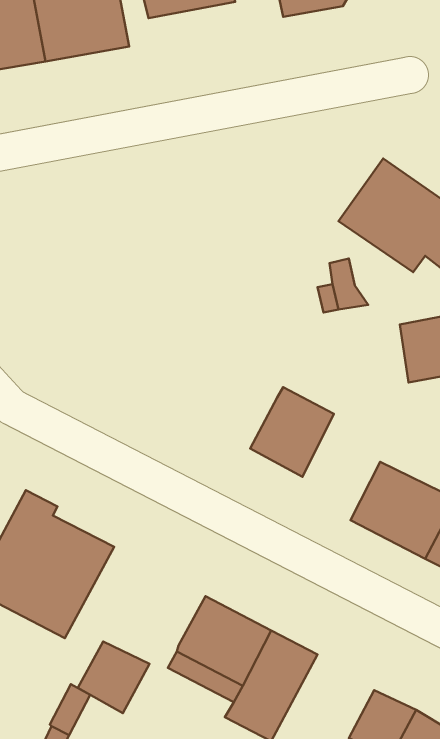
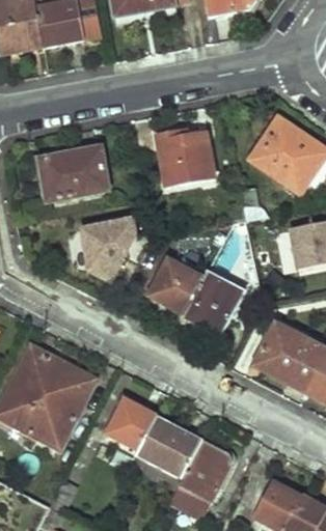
building: none -> [155,124,214,183]
building: none -> [39,145,108,198]
building: none -> [84,218,155,281]
building: none -> [148,259,205,314]
building: [78,641,150,713] -> [105,401,155,451]

